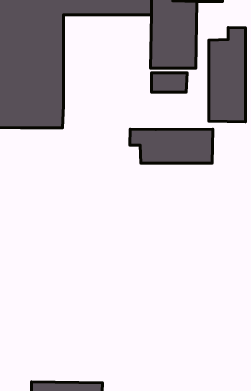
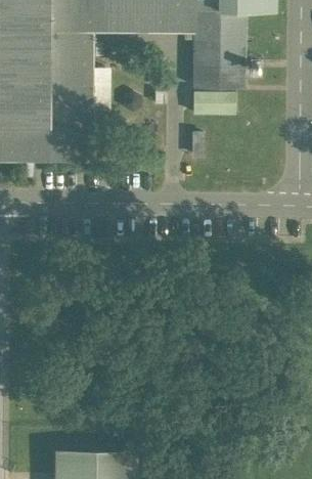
building: [209,28,246,122] -> none
building: [130,129,213,163] -> none

